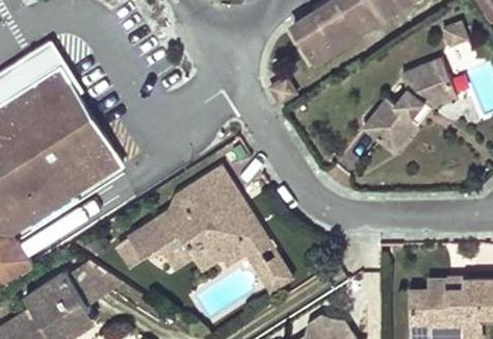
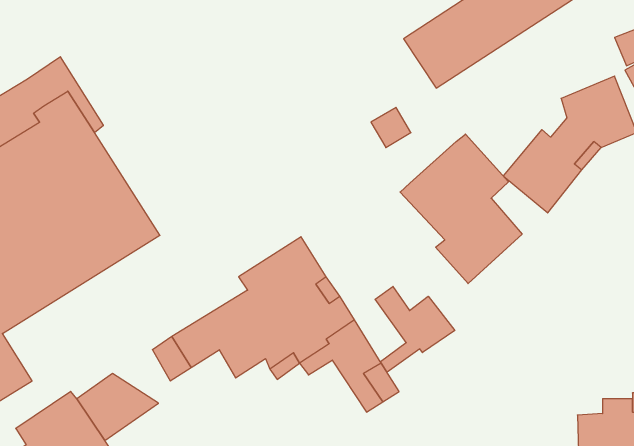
building: none -> [400,134,522,284]
building: none -> [375,286,455,372]

